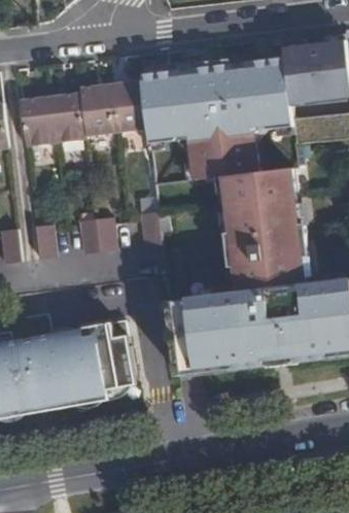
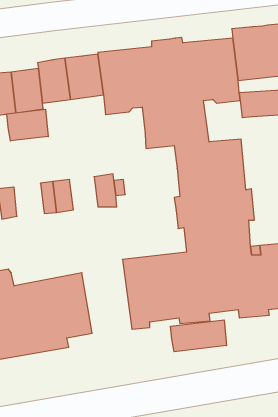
building: none -> [7,109,48,141]
building: none -> [171,320,226,352]

